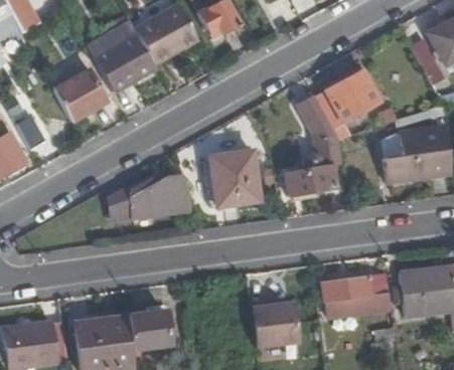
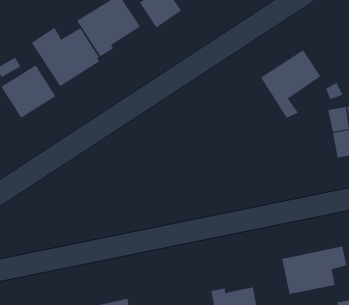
building: [286,96,342,196] -> none
building: [212,151,259,206] -> none
building: [107,174,191,219] -> none

